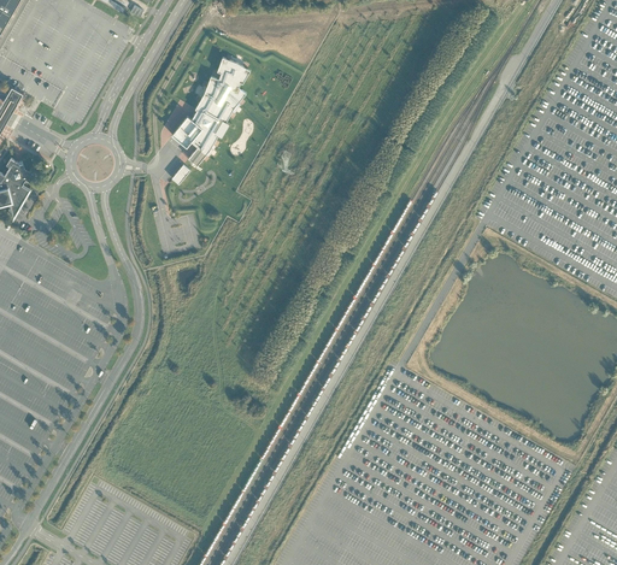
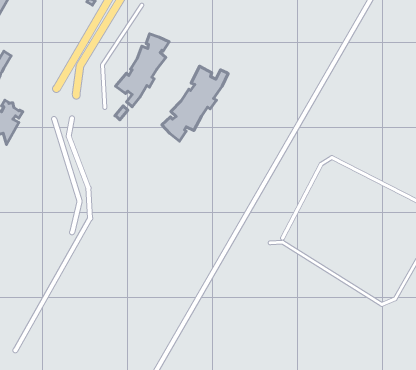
building: none -> [162,66,228,141]

